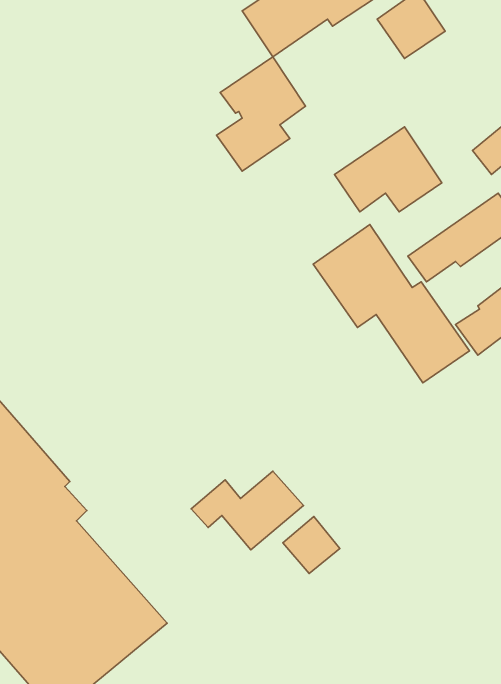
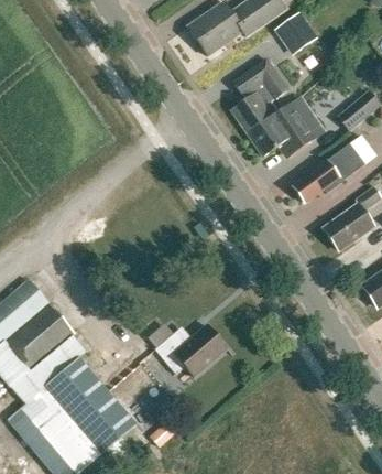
building: [217,57,305,171] -> [230,58,287,132]
building: [313,225,469,383] -> none
building: [283,516,340,574] -> none

